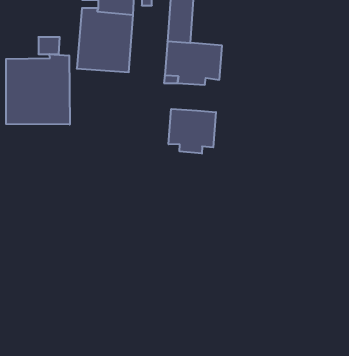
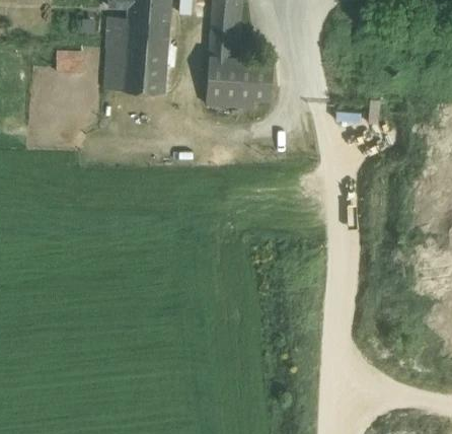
building: [6,54,70,125] -> none
building: [169,109,216,154] -> none

